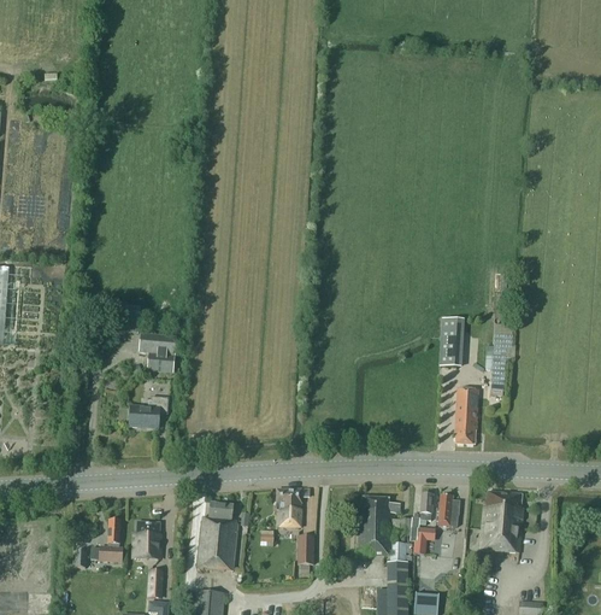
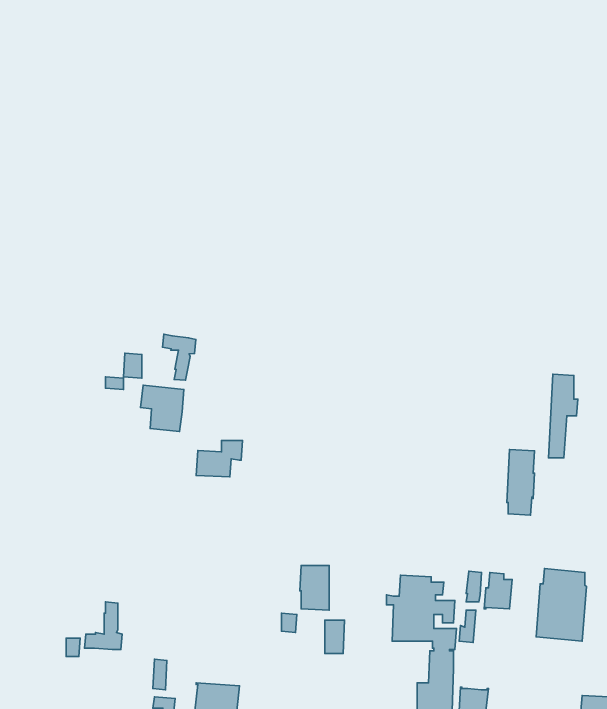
building: none -> [163,334,196,380]
building: [438,317,464,367] -> none
building: [129,397,169,428] -> [196,441,242,477]
building: [196,503,237,570] -> none
building: [132,521,161,555] -> none

